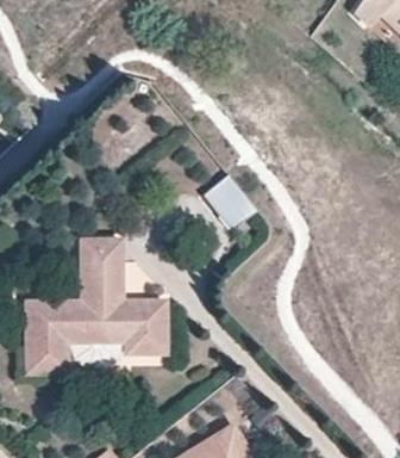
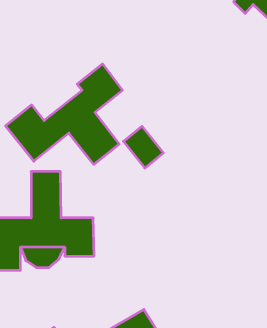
building: none -> [6,64,122,164]

